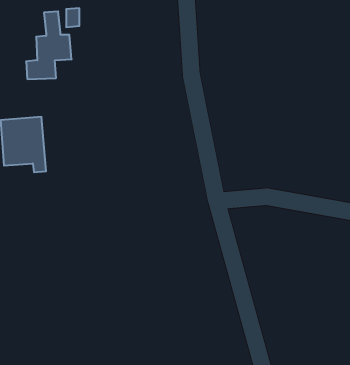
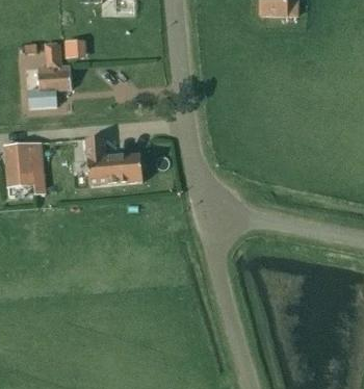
building: none -> [85,135,142,184]

